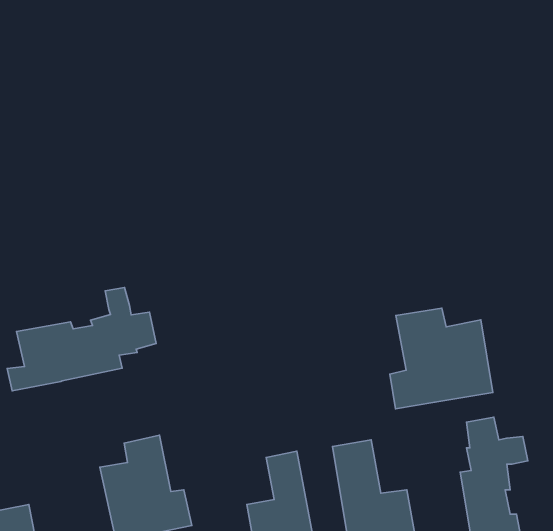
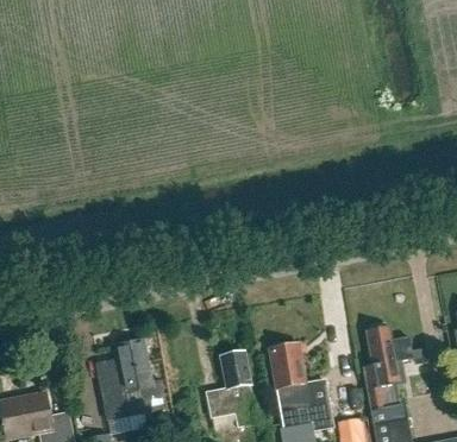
building: [7,287,156,391] -> none
building: [390,308,493,409] -> none

